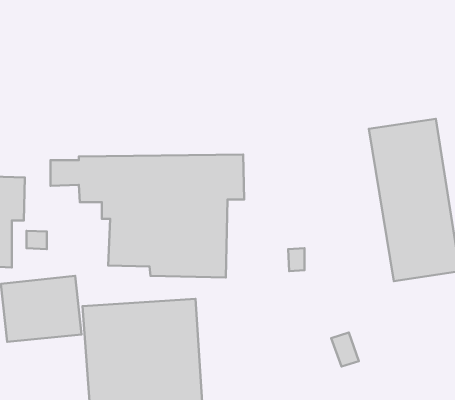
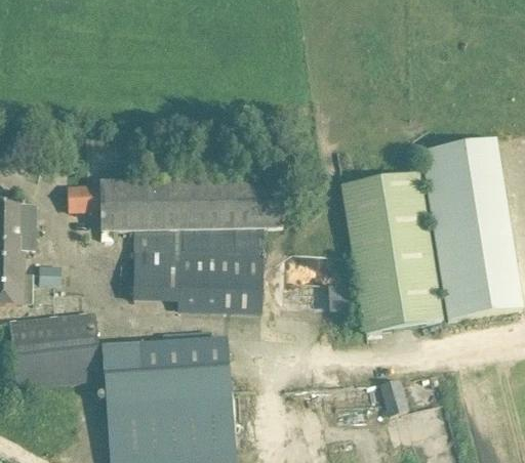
building: none -> [338,171,443,330]

